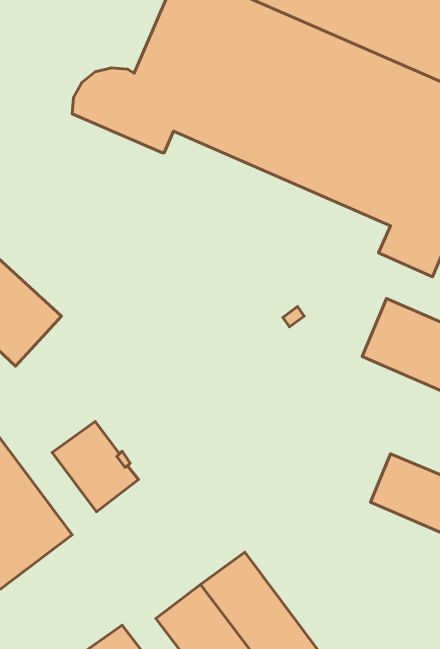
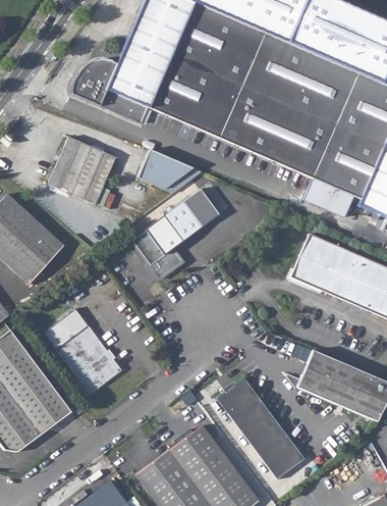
building: none -> [49,137,117,204]
building: none -> [139,149,202,192]
building: none -> [132,188,220,277]
building: none -> [44,308,90,349]
building: none -> [217,376,306,479]

